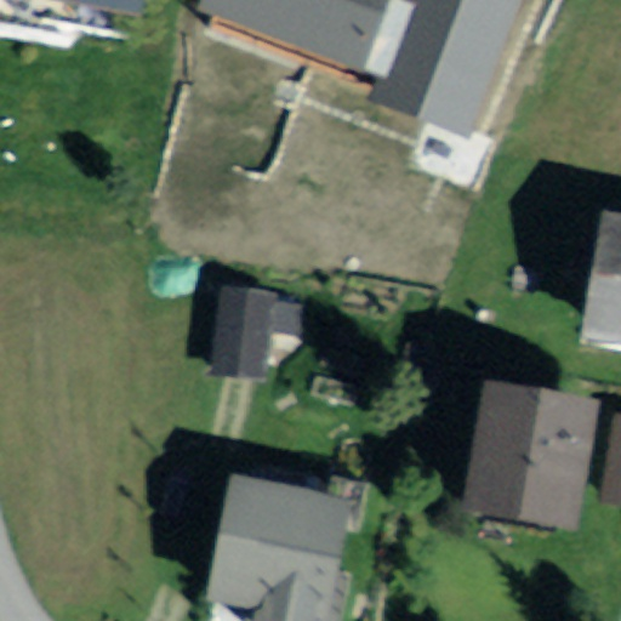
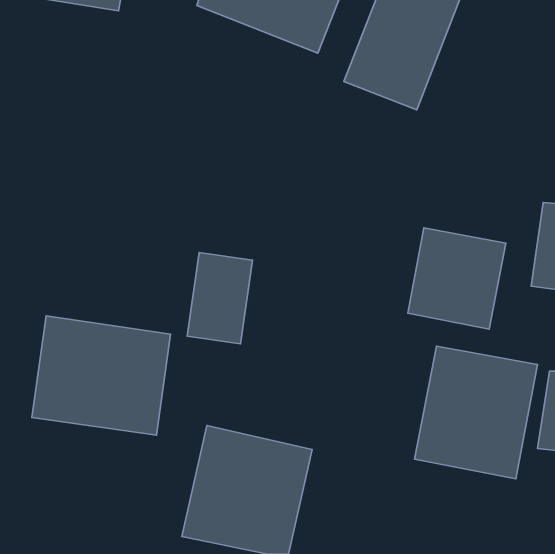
building: none -> [408,228,506,329]
building: none -> [32,316,171,435]

